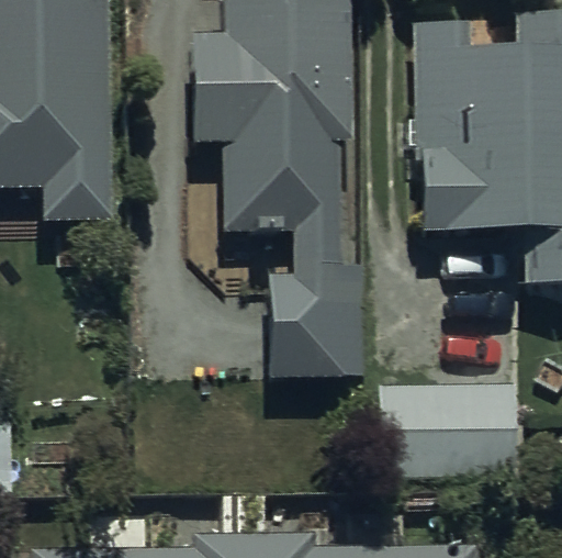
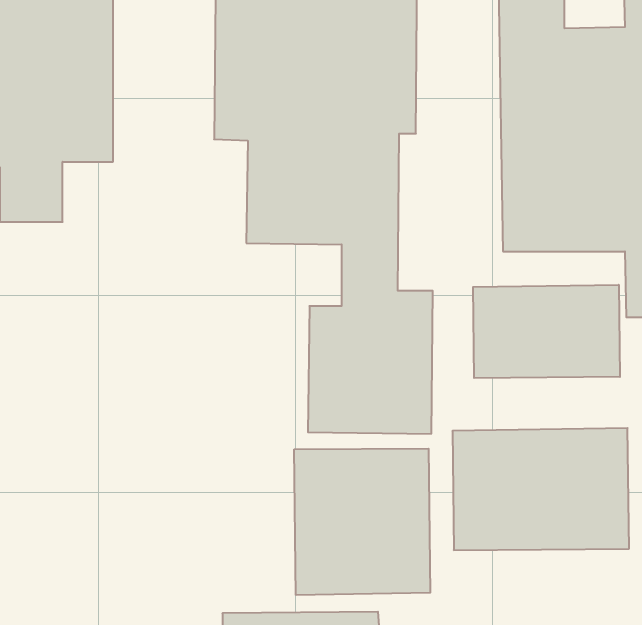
building: none -> [473,285,620,378]
building: none -> [294,449,430,595]

